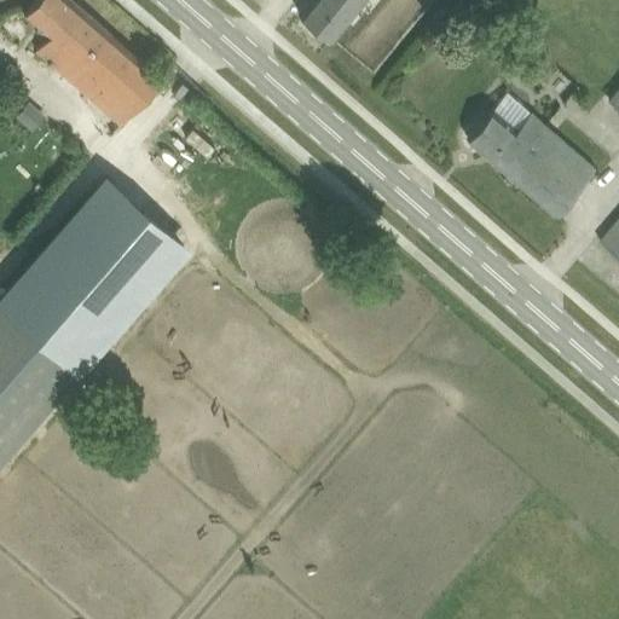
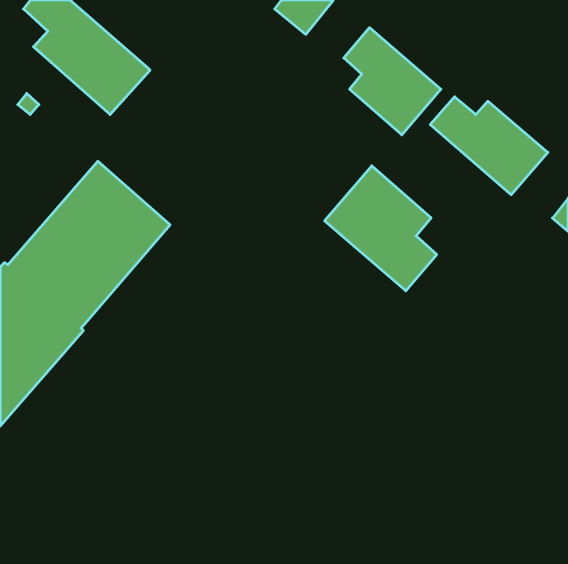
building: none -> [344,28,441,135]
building: none -> [325,166,437,291]

